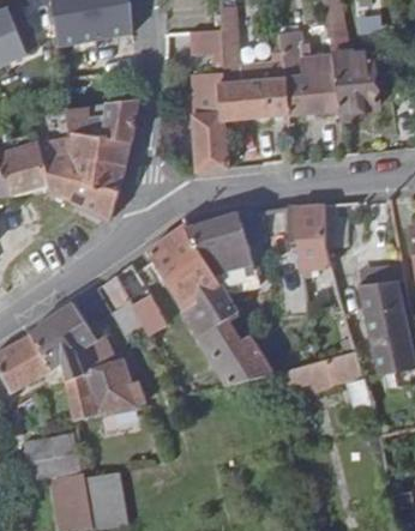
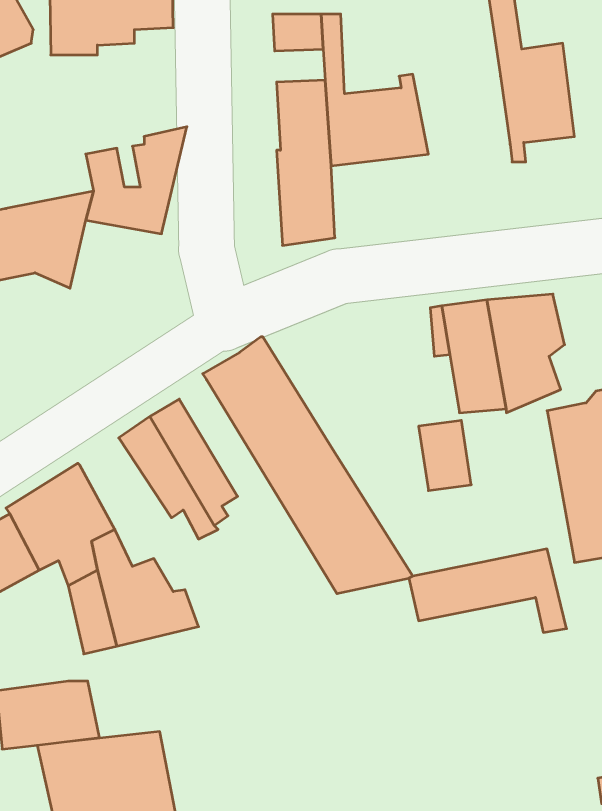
building: [275,53,336,114] -> none
building: [65,155,121,217] -> none
building: [184,211,257,296] -> none

